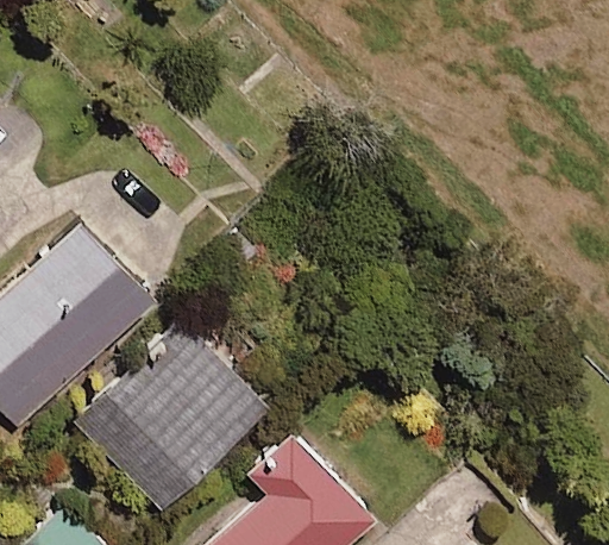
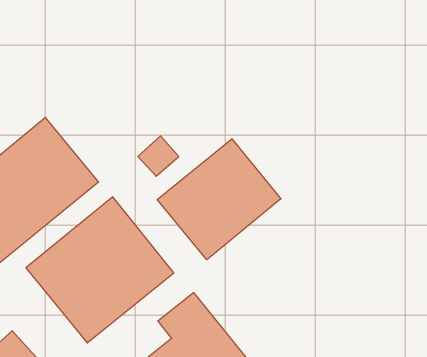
building: none -> [157,139,281,260]

